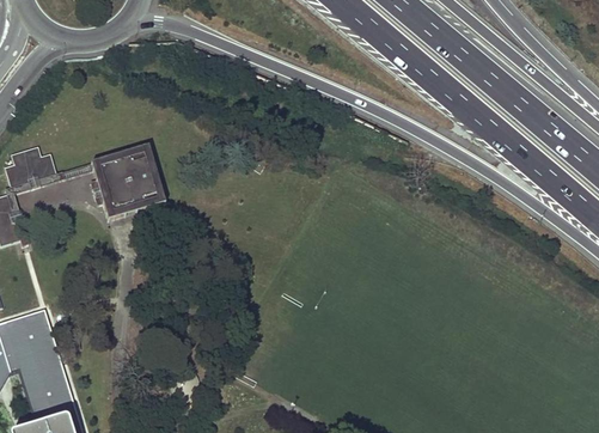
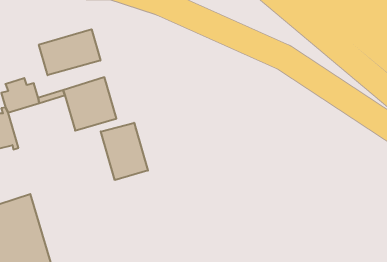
building: none -> [39,29,100,75]
building: none -> [101,123,148,180]

